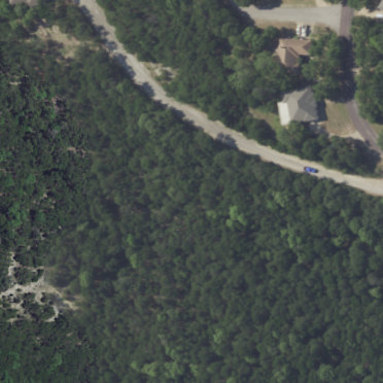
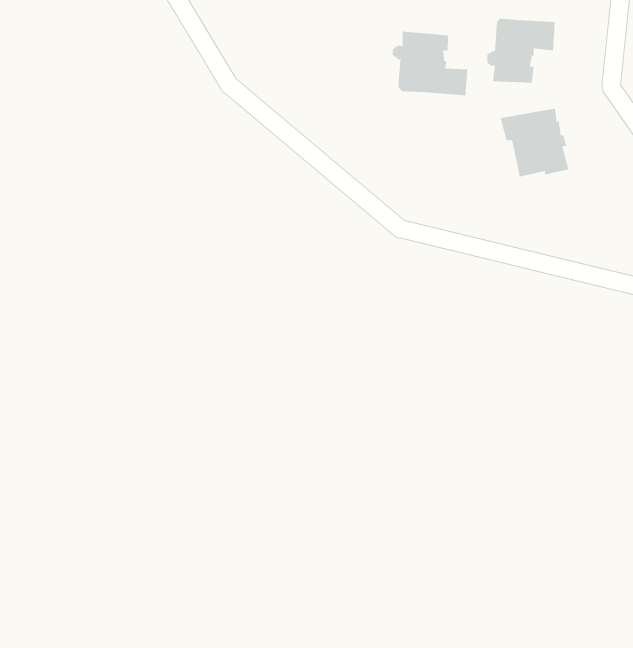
building: none -> [392,31,468,96]

